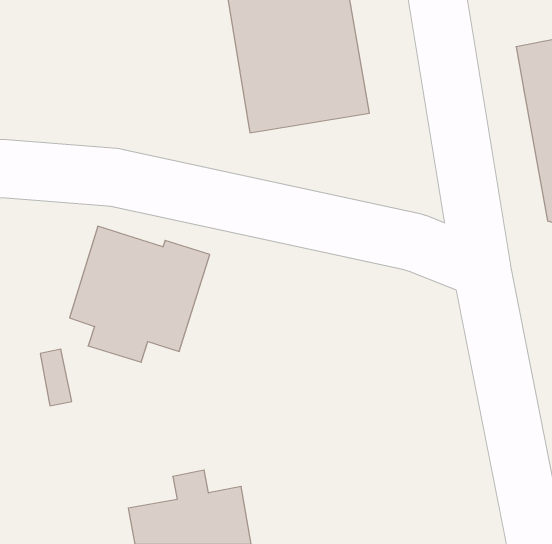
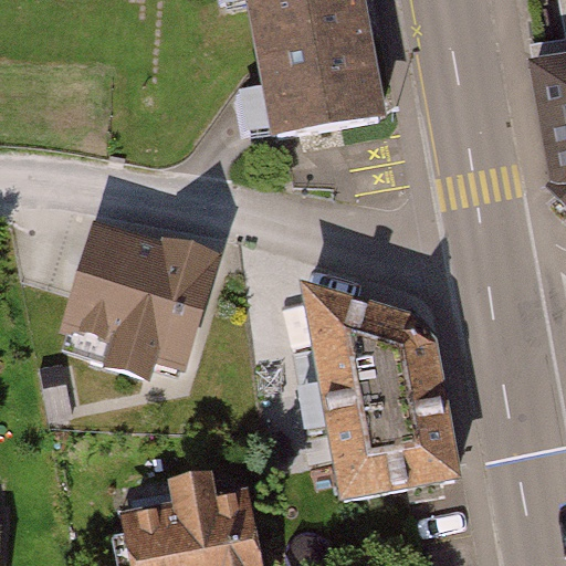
building: none -> [312,289,460,493]

